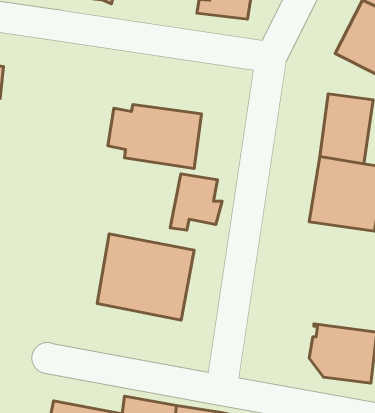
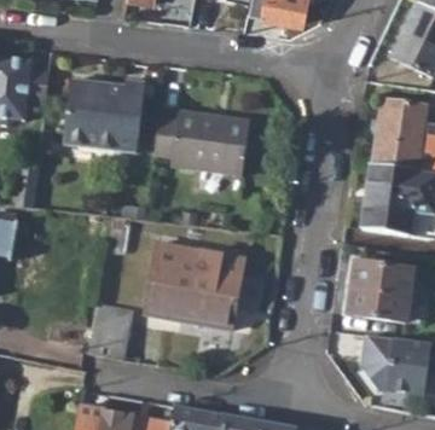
building: none -> [62,79,147,152]
building: [170,174,222,230] -> none
building: none -> [348,262,413,322]
building: none -> [94,302,134,353]

